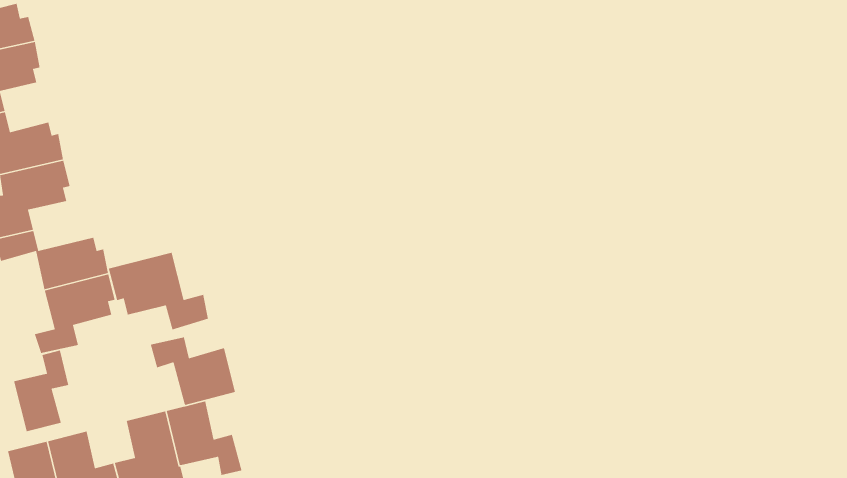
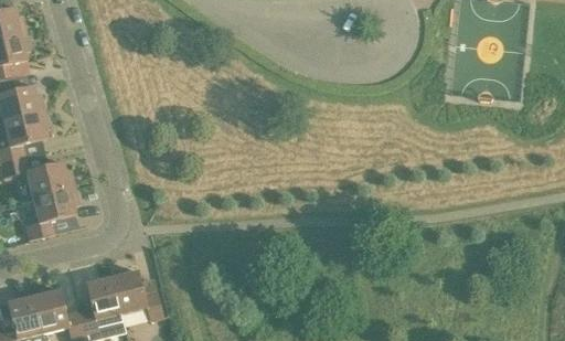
building: [108,252,209,331] -> none
building: [150,337,236,406] -> none
building: [13,349,69,432] -> none

